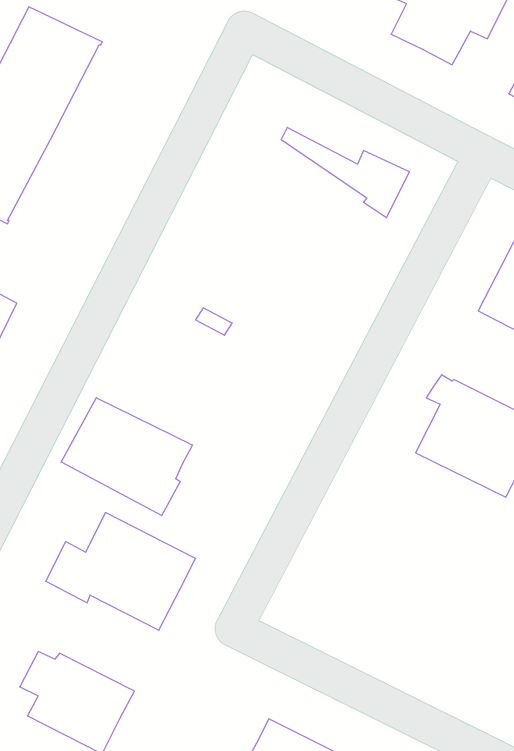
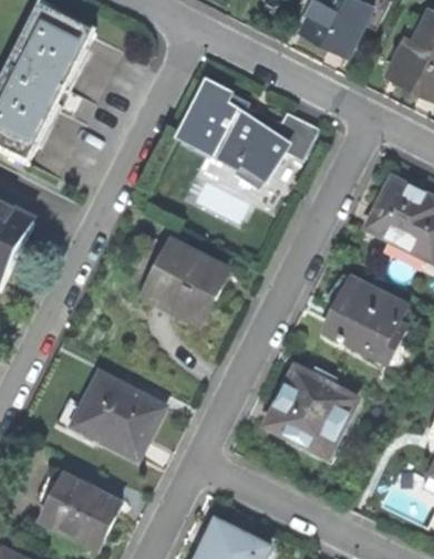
building: none -> [179,84,287,179]
building: [61,398,193,515] -> [123,236,218,321]
building: none -> [265,370,354,459]

